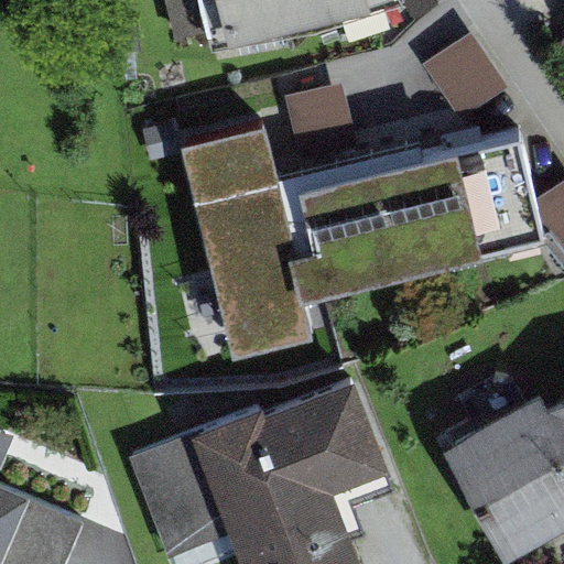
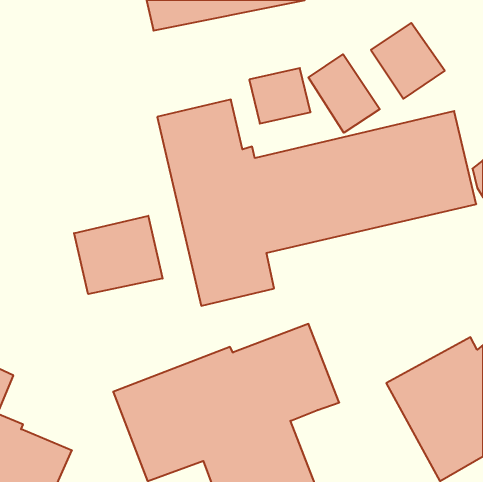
building: none -> [308,54,380,133]
building: none -> [74,216,163,294]

